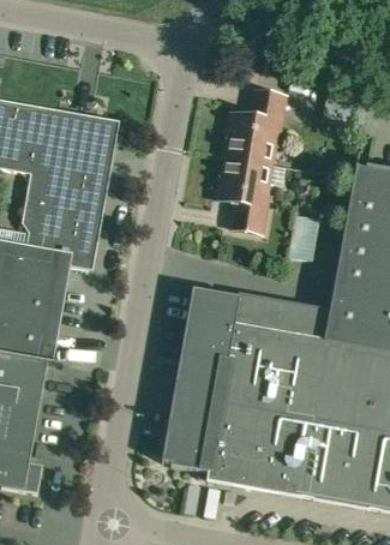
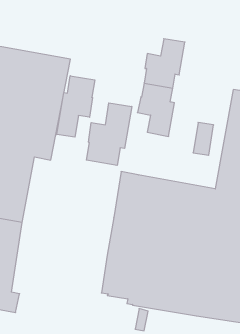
building: none -> [57,76,95,137]
building: none -> [86,103,132,165]

